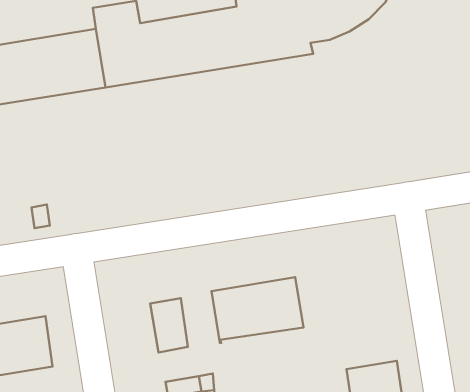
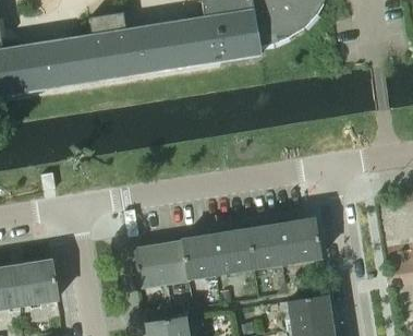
building: none -> [248,219,321,268]
building: none -> [159,240,190,284]

